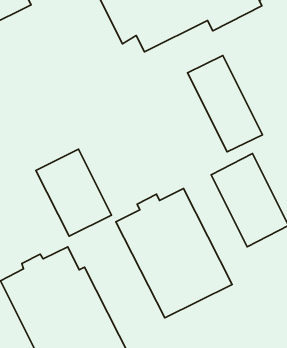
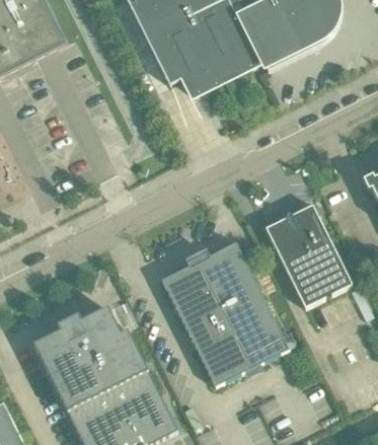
building: [187,56,262,152] -> none
building: [36,149,112,236] -> none

